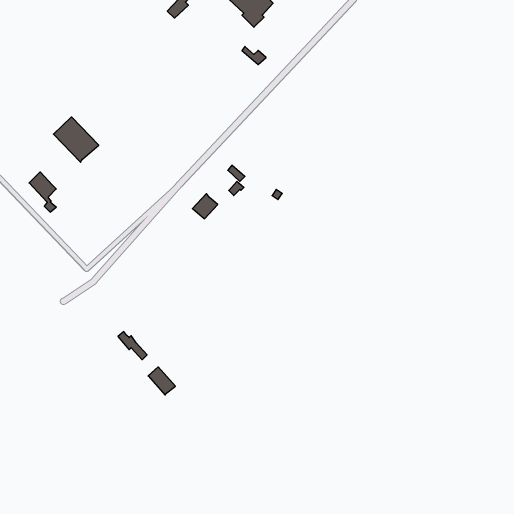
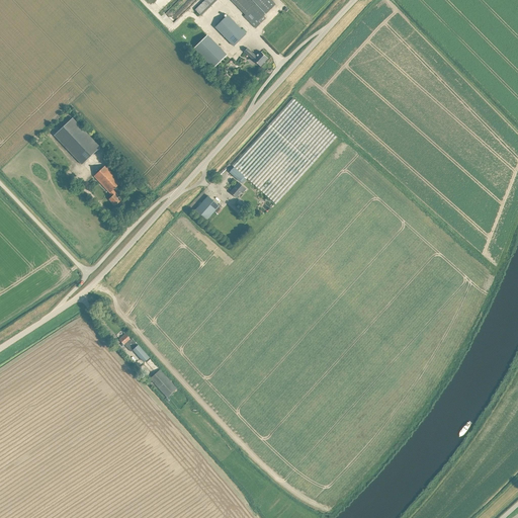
building: none -> [214,14,244,44]
building: none -> [193,33,226,67]
building: [29,172,56,212] -> [93,164,120,204]

